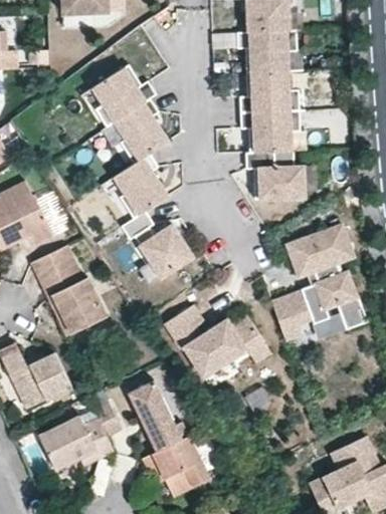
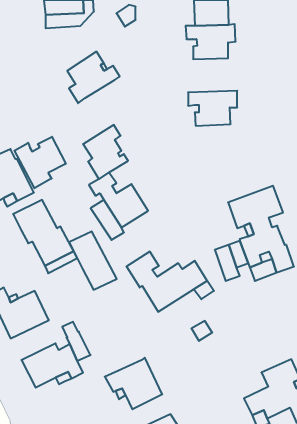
building: [239,72,300,113] -> none
building: [116,98,170,163] -> none
building: [245,152,305,200] -> none
building: none -> [14,137,66,188]
building: [127,378,184,449] -> [69,231,117,290]

